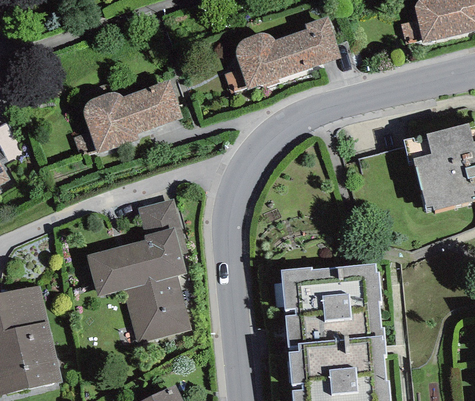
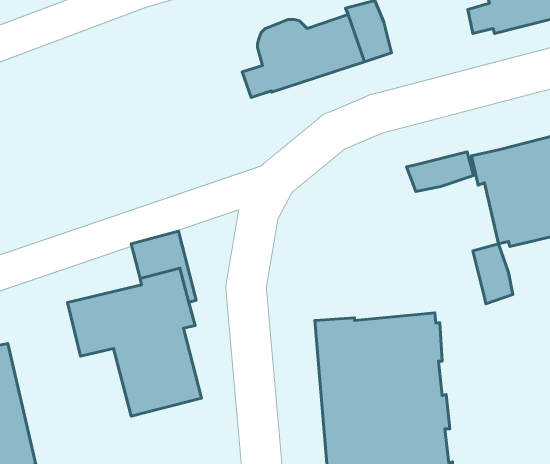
building: [73,79,182,155] -> none
building: none -> [407,152,474,192]
building: none -> [473,244,513,304]

